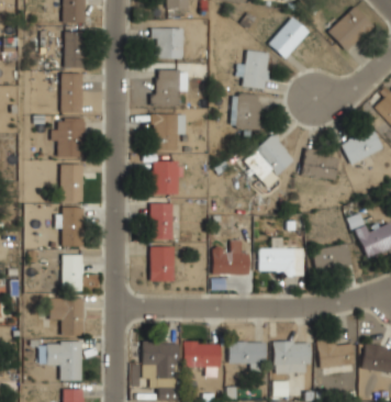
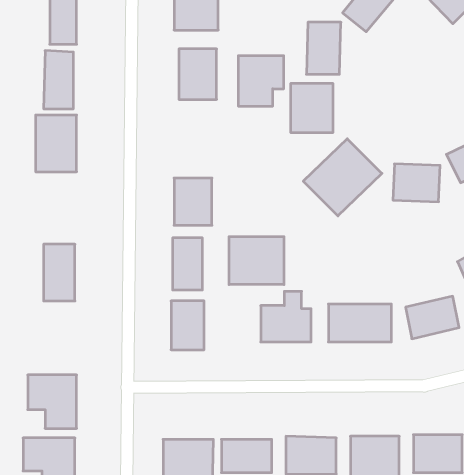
building: [153,114,185,149] -> [238,56,284,106]
building: [60,164,82,202] -> none
building: none -> [229,237,284,285]
building: [63,255,85,291] -> none

